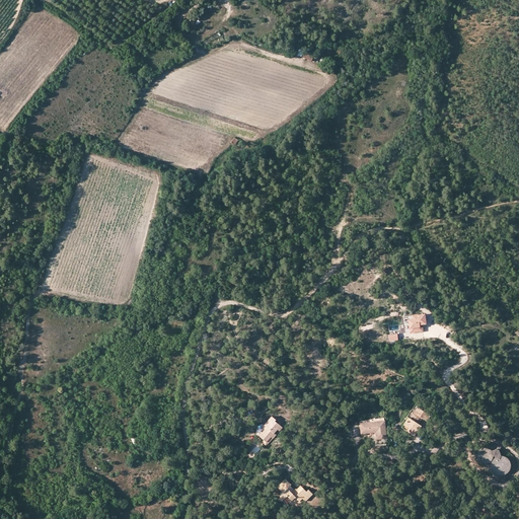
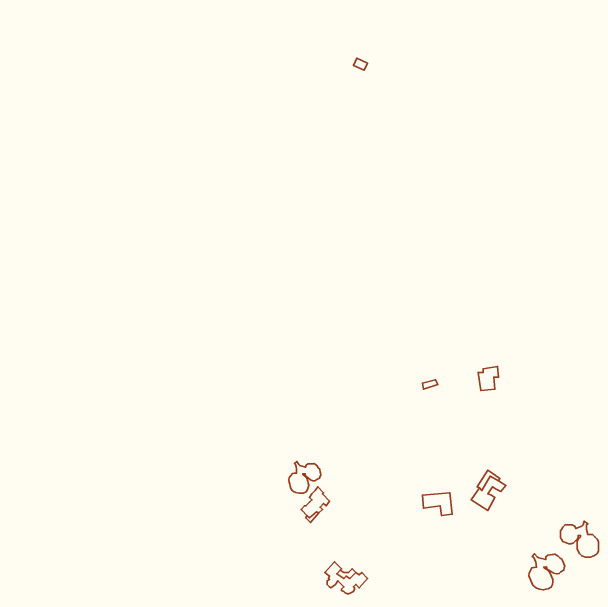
building: none -> [289,461,321,493]
building: none -> [529,554,565,590]

